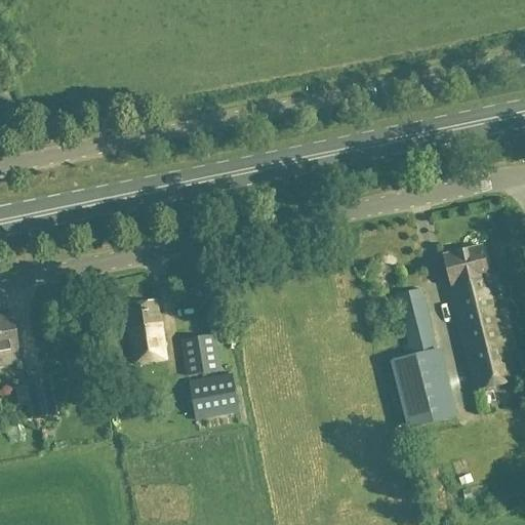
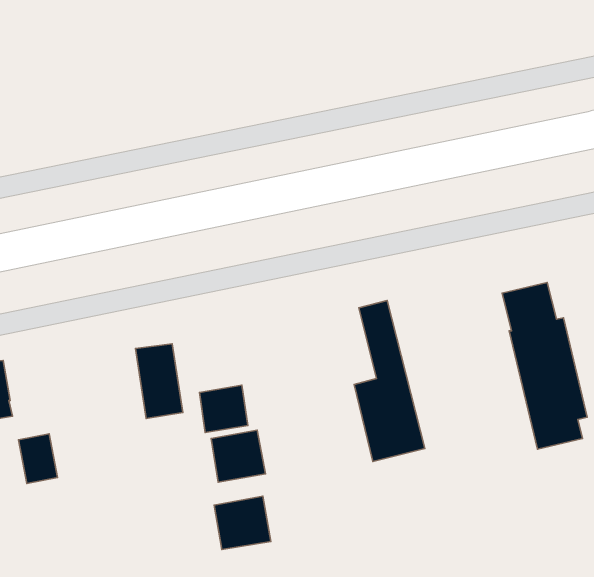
building: [393,287,454,427] -> [354,301,425,461]
building: none -> [214,496,271,549]

